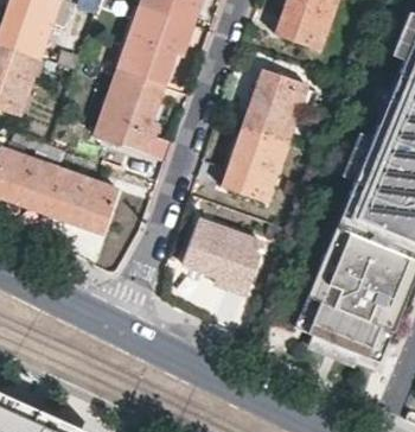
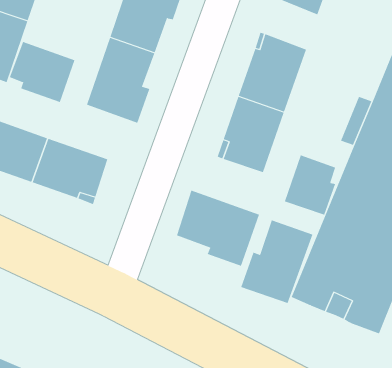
building: none -> [9,41,75,103]
building: none -> [284,154,336,216]
building: none -> [241,220,313,304]

